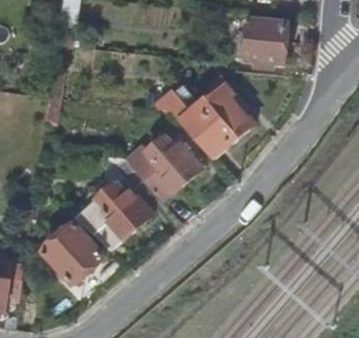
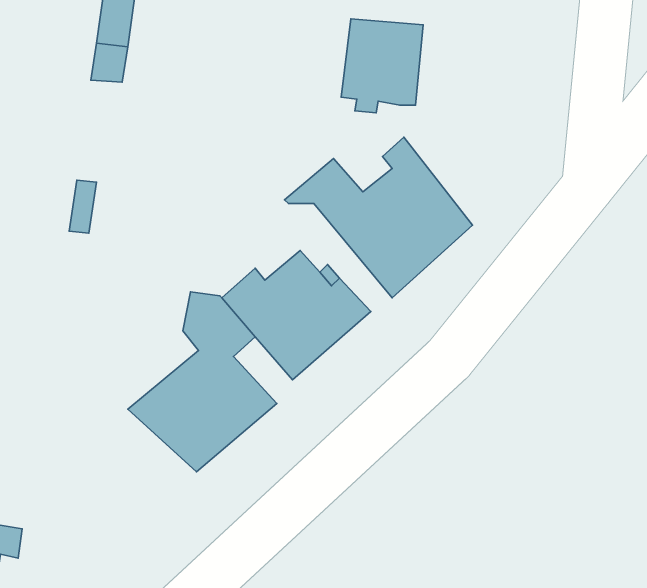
building: [244,18,287,68] -> [341,19,423,113]
building: [42,221,106,284] -> none

